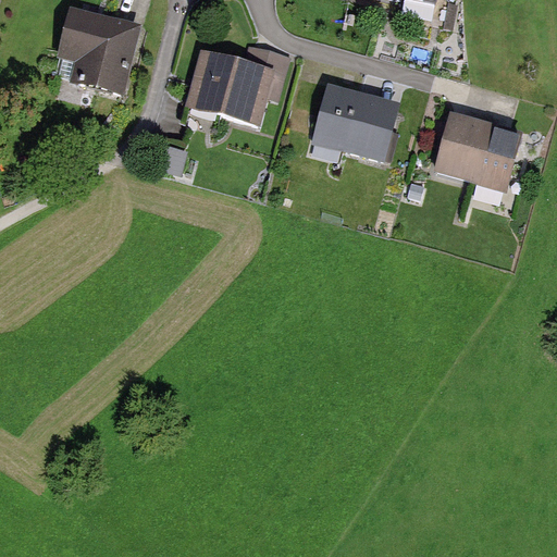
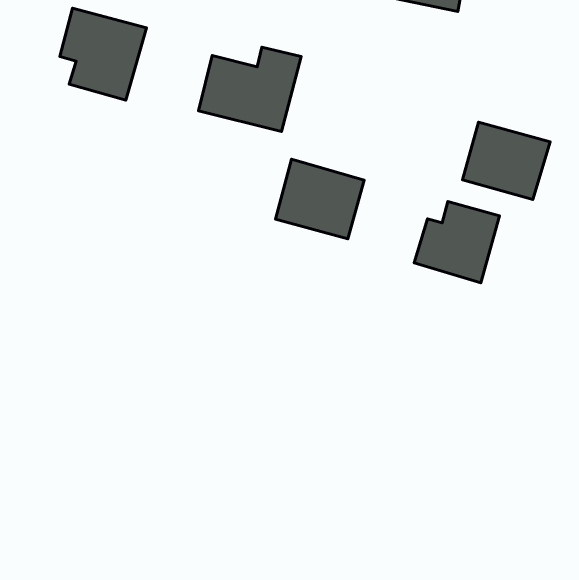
building: [313,83,397,158] -> [275,159,364,239]
building: none -> [414,202,500,283]

